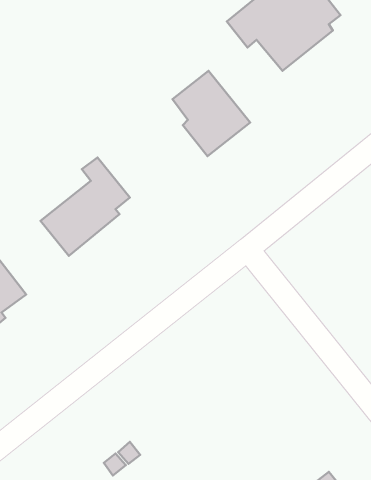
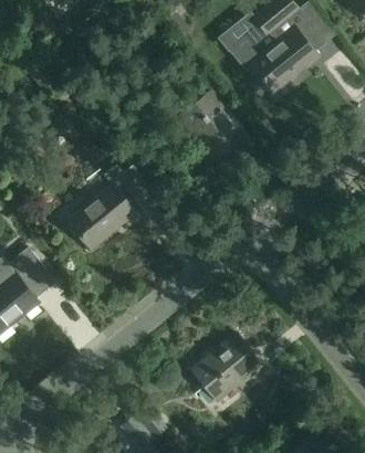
building: none -> [190,335,263,401]

